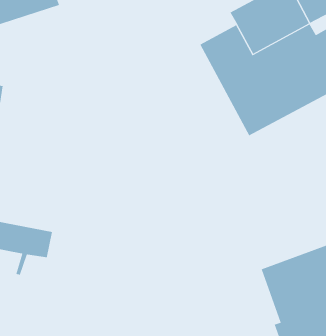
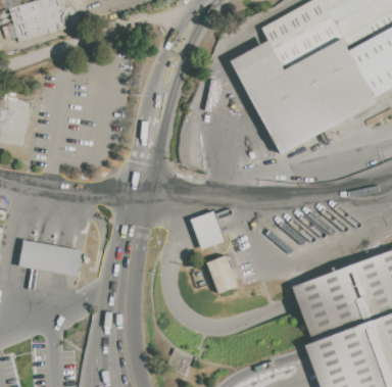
building: none -> [191,211,241,249]
building: none -> [207,255,238,293]

